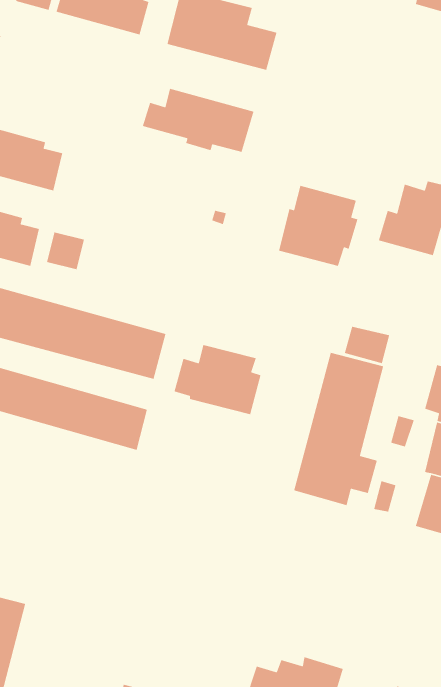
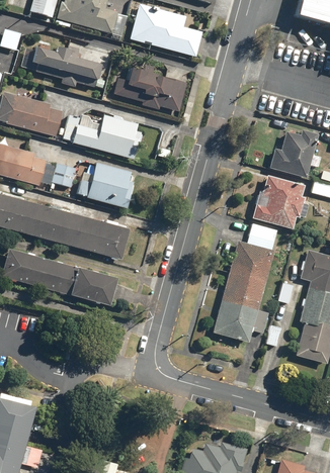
building: none -> [32,46,103,80]
building: none -> [63,114,139,159]
building: [278,185,358,267] -> [252,175,305,228]
building: [174,344,262,415] -> [77,162,135,208]

